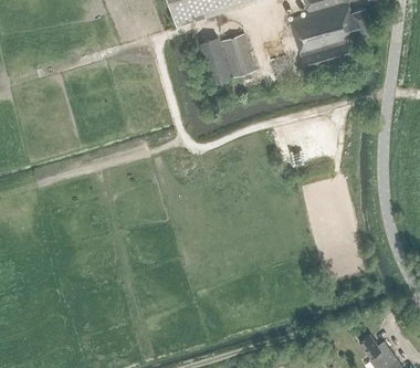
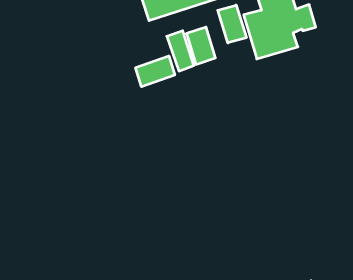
building: none -> [218,5,246,43]
building: none -> [136,56,175,87]

